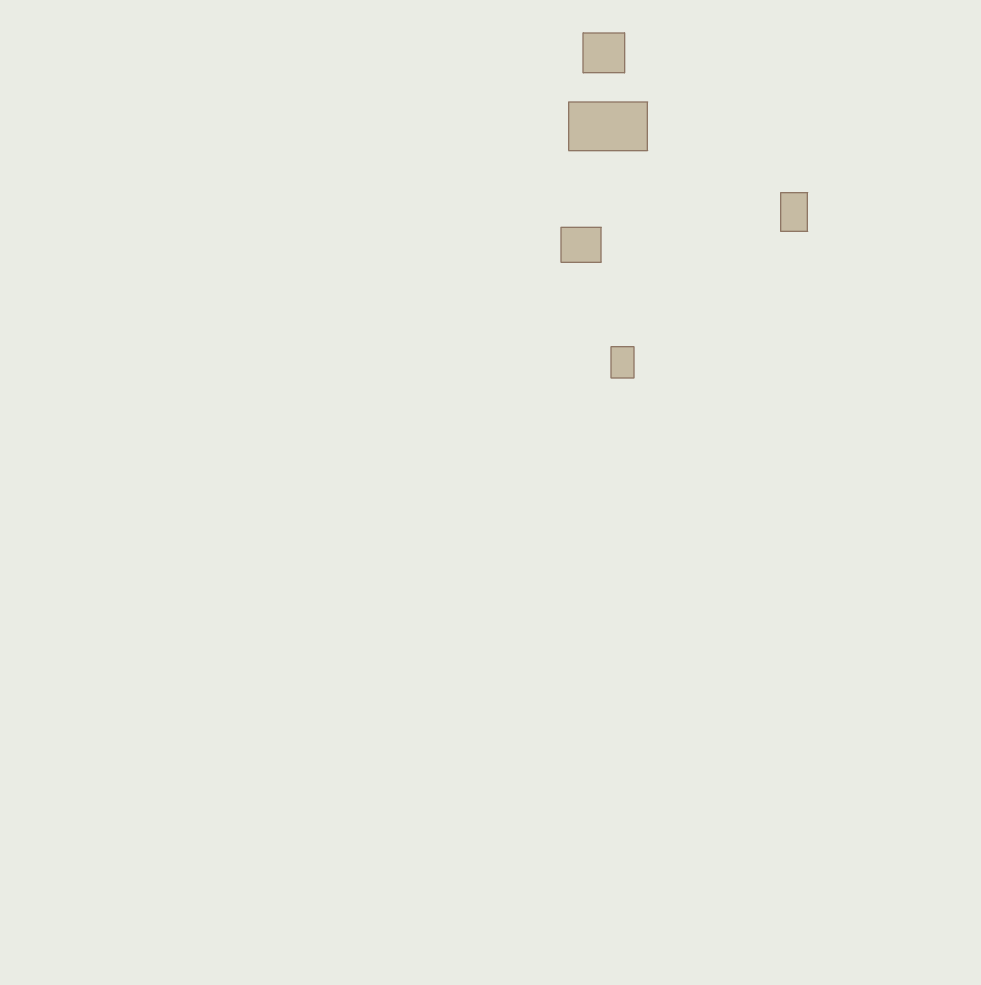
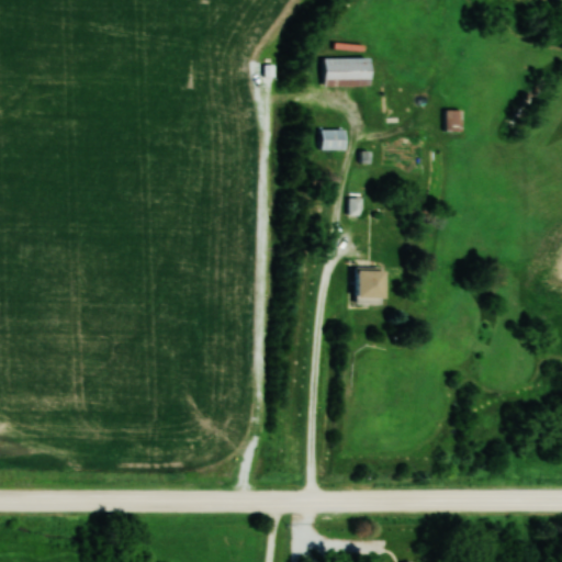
building: [583,33,624,73] -> none
building: none -> [358,268,385,303]

